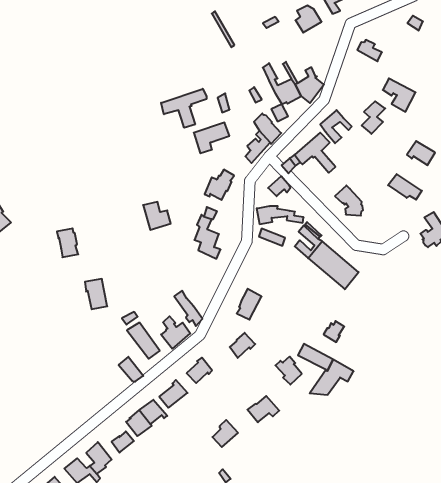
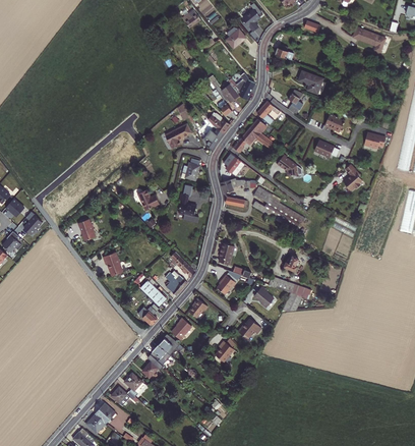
building: [161,89,206,128] -> none

